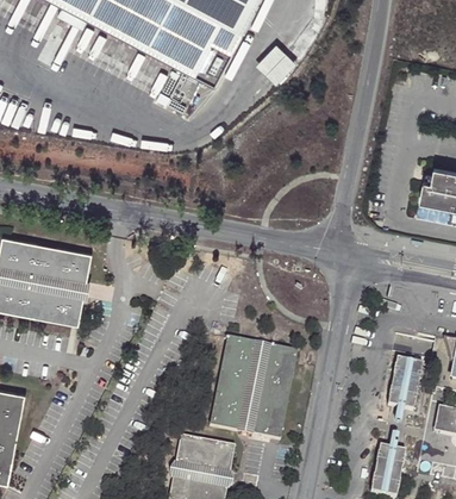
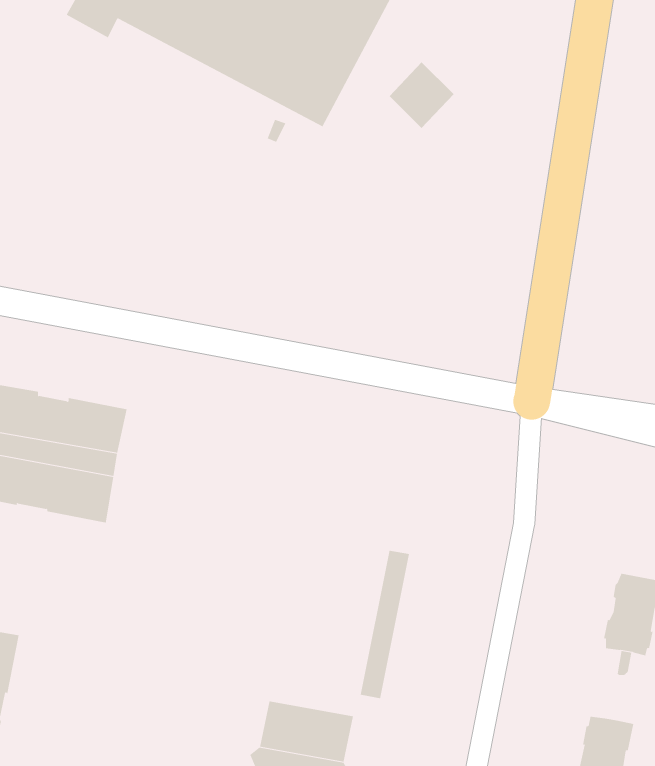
building: [207,335,255,430] -> none
building: [250,343,296,438] -> none

